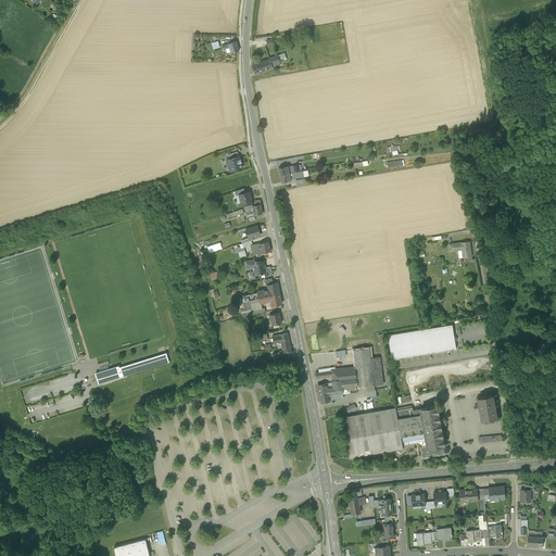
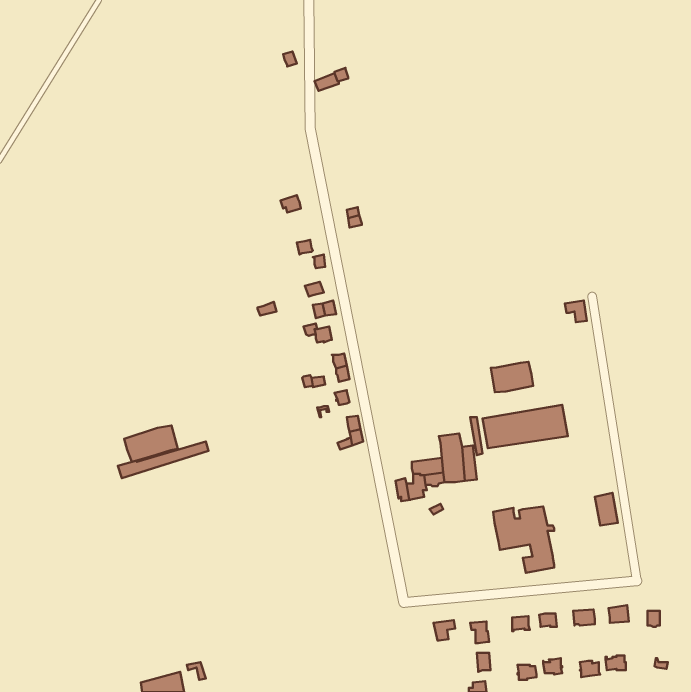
building: none -> [491,362,533,392]
building: none -> [124,425,178,462]
building: [341,408,402,458] -> none

